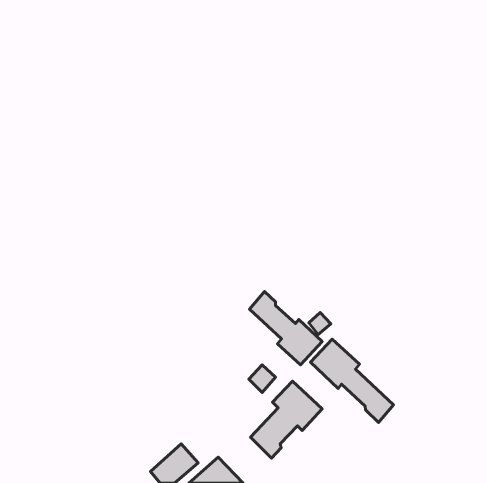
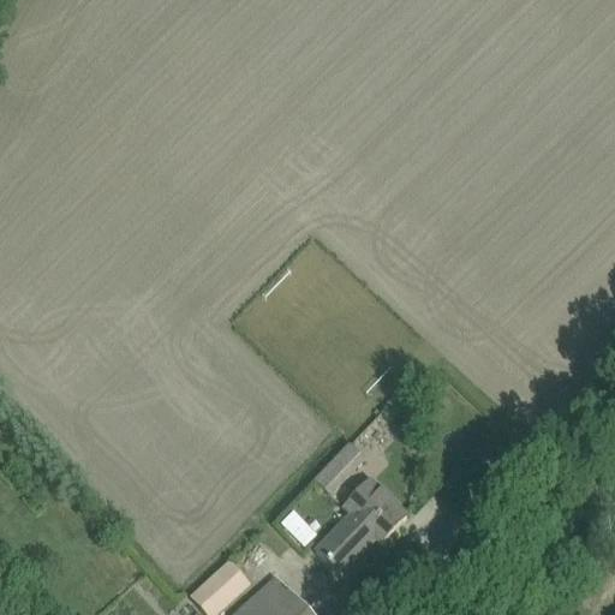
building: [249,291,322,365] -> none
building: [311,339,393,422] -> none

